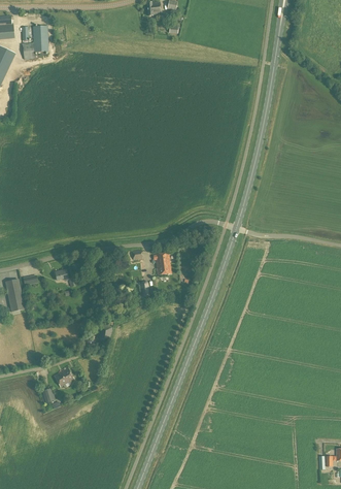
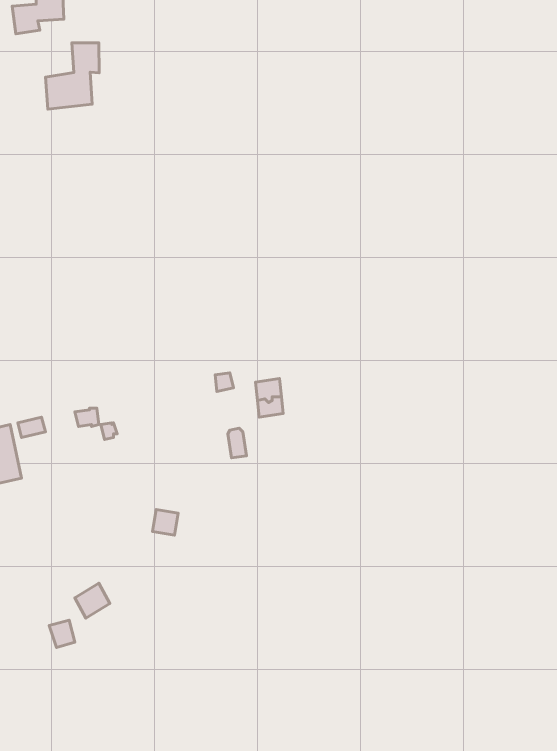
building: none -> [46,43,99,109]

